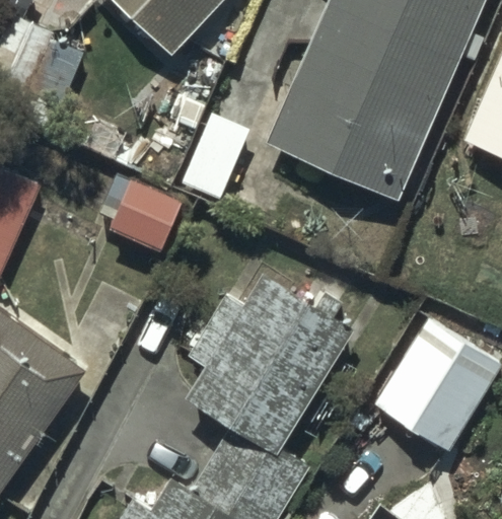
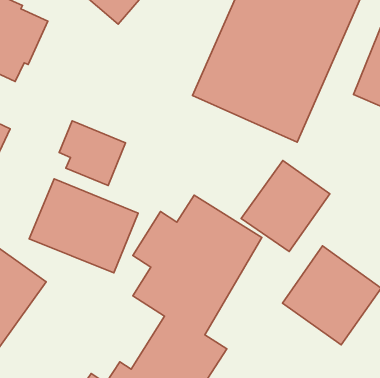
building: none -> [241,160,330,251]
building: none -> [29,179,138,273]

